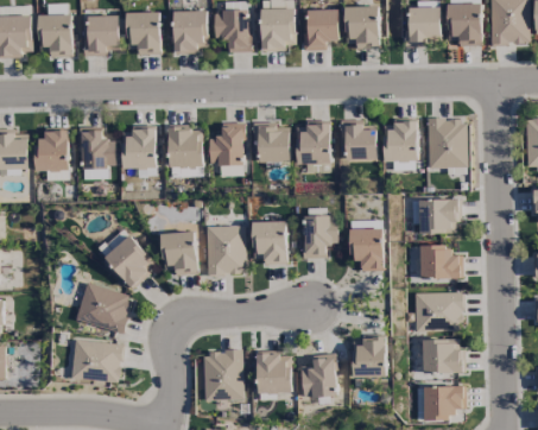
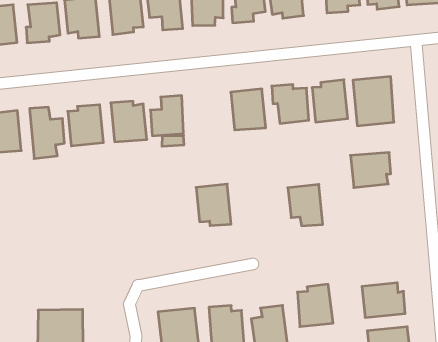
building: [257,122,291,163] -> none
building: [303,216,340,259] -> none
building: [205,226,247,274] -> none
building: [99,228,158,289] -> none
building: [162,232,198,276] -> none
building: [420,245,463,279] -> none
building: [76,283,133,333] -> none
building: [414,292,464,331] -> none

